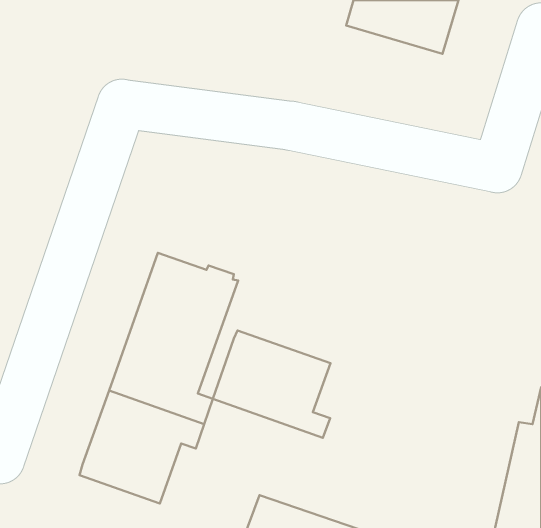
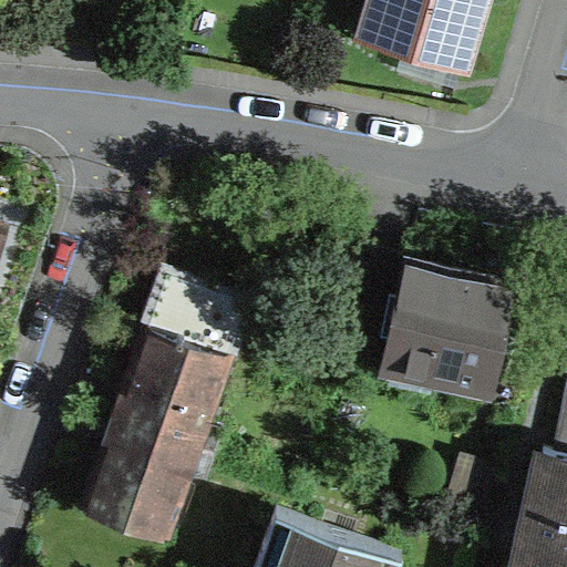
building: none -> [337,254,511,391]
building: [213,330,331,438] -> none

